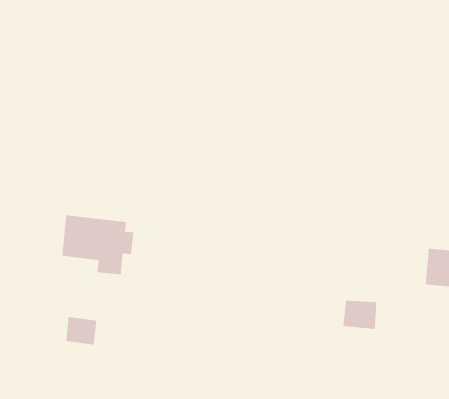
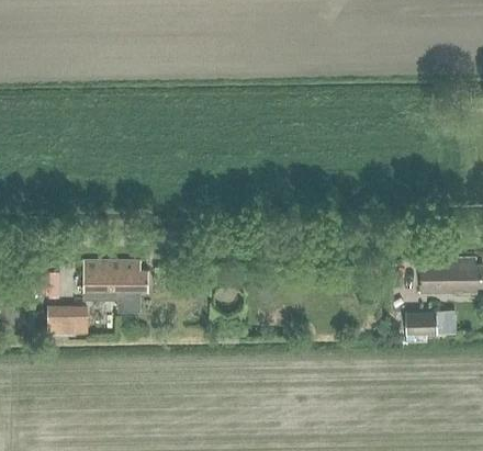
building: [343,300,377,329] -> [407,309,438,335]
building: [65,317,97,345] -> [49,309,77,334]

